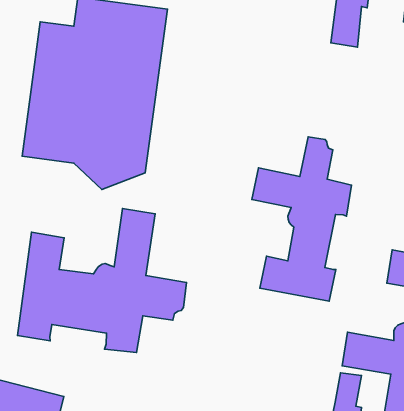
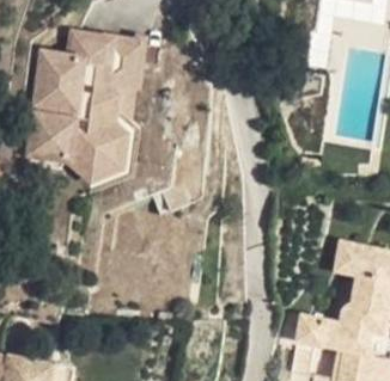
building: [252,137,352,301] -> none
building: [18,208,186,352] -> none

